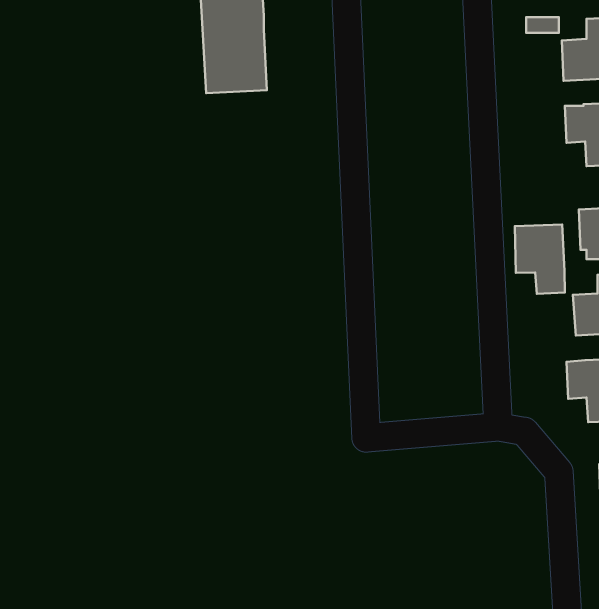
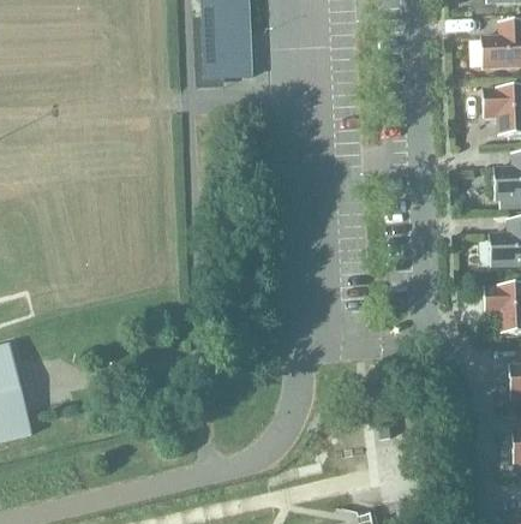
building: [515,224,565,294] -> none

